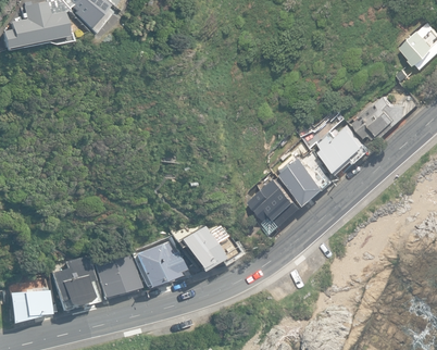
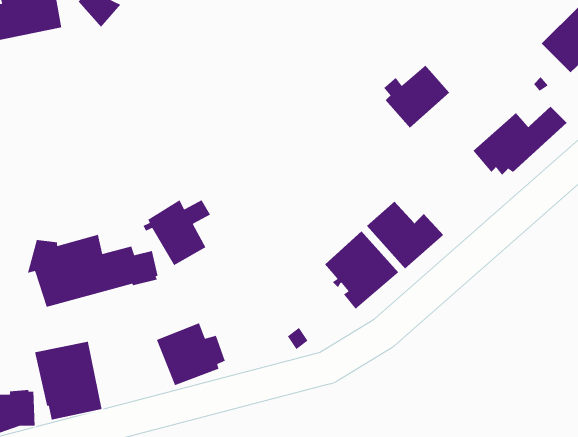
building: [321,126,367,171] -> [383,64,450,128]
building: none -> [27,234,158,308]
building: [176,225,224,272] -> [142,199,211,266]
building: [95,252,140,296] -> none

